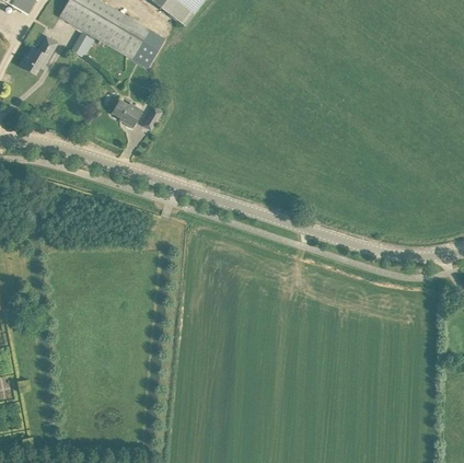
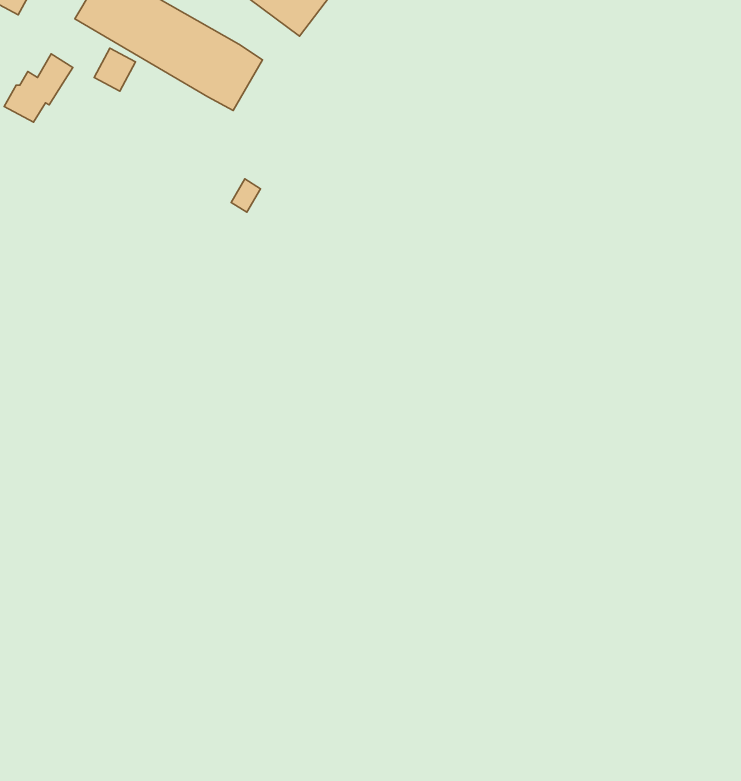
building: [112,99,142,127] -> none

